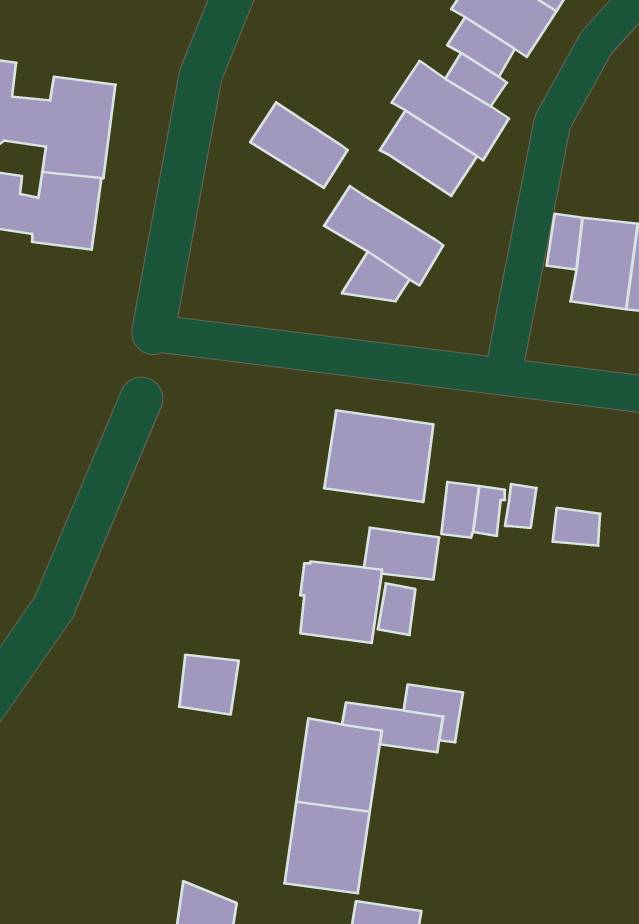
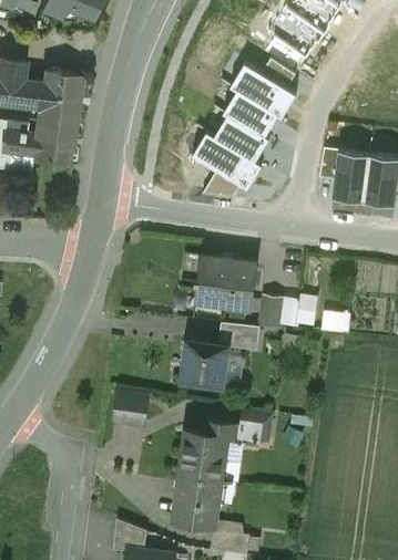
building: [250,102,348,188] -> [215,114,269,162]

